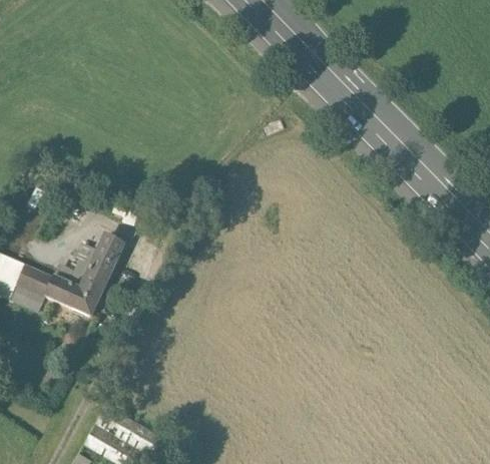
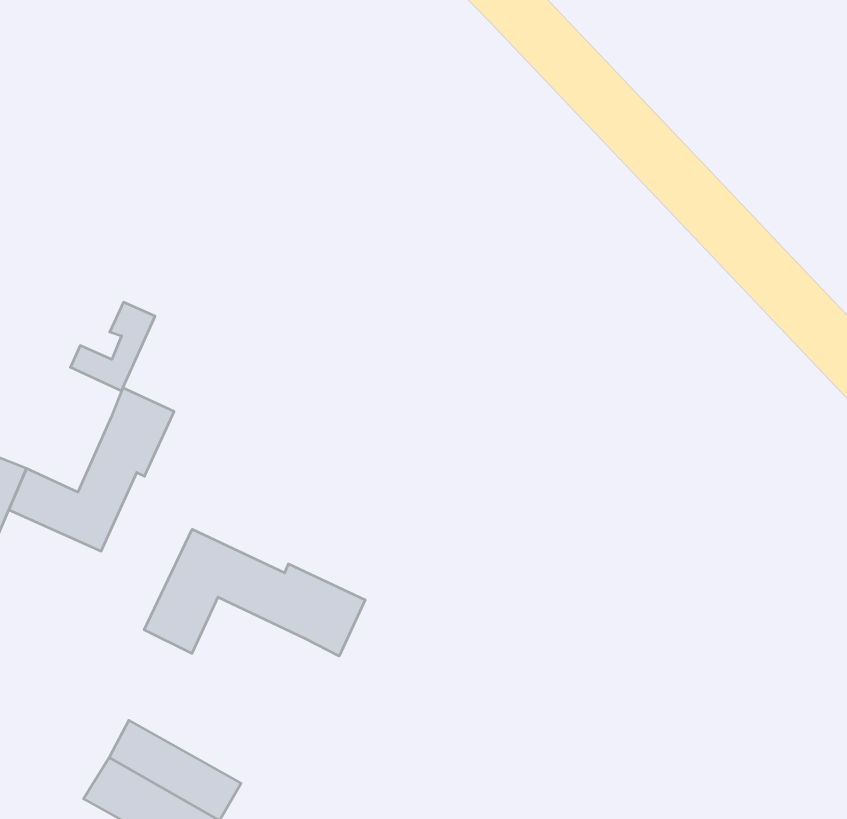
building: [52,242,95,287] -> [70,302,155,391]
building: none -> [144,529,365,656]

